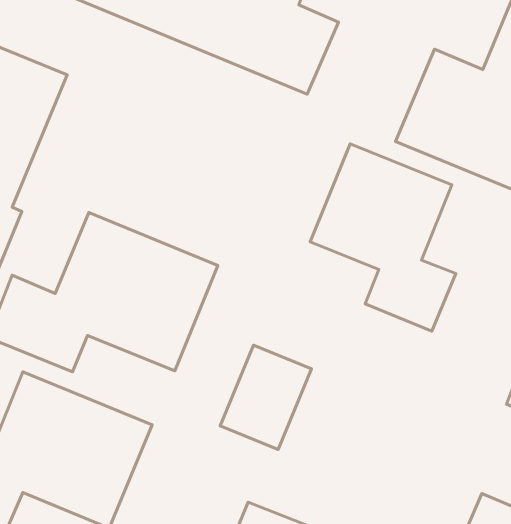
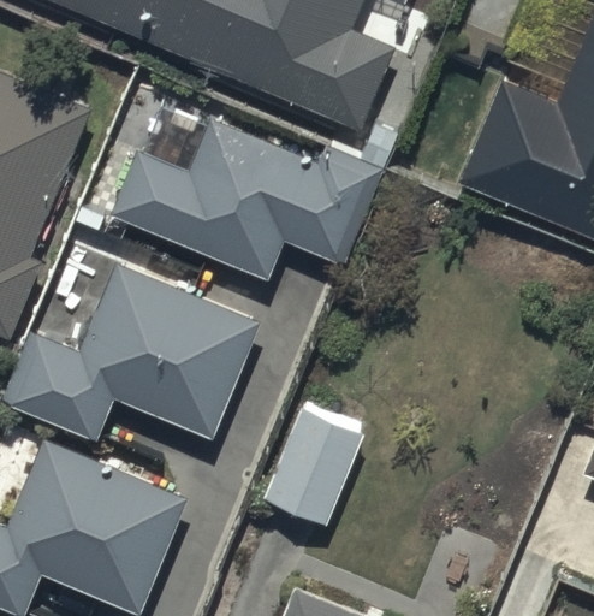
building: none -> [108,116,384,279]
building: [310,144,456,331] -> none

